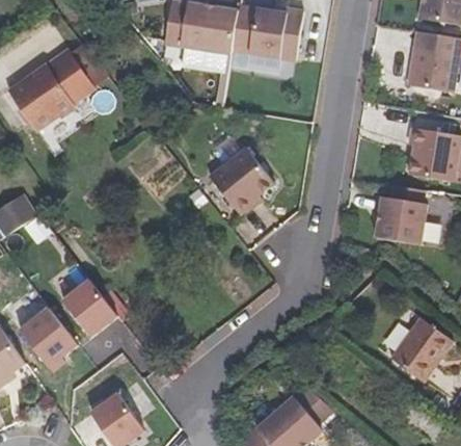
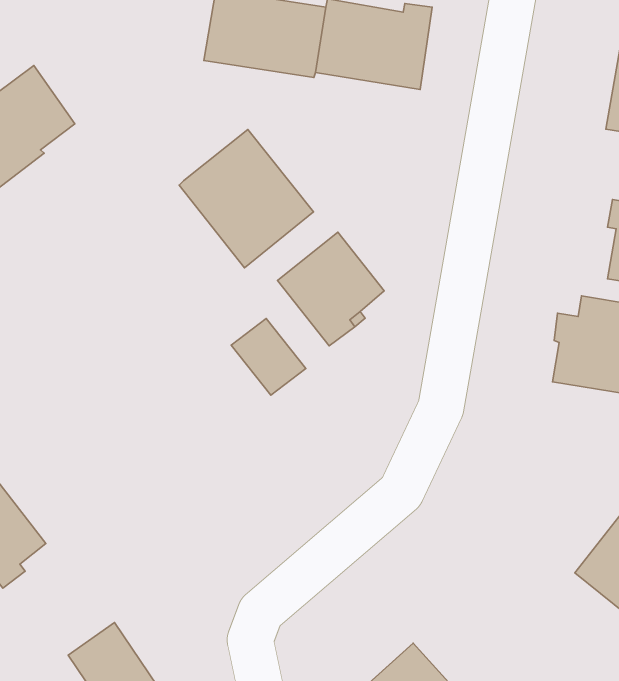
building: none -> [179,129,313,268]
building: none -> [231,318,306,395]
building: [57,271,112,329] -> none

